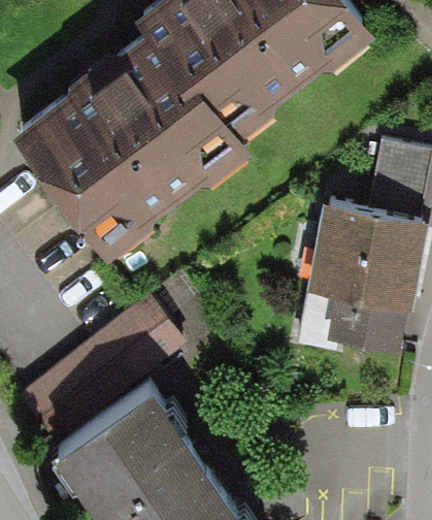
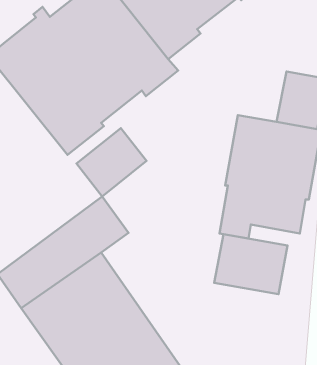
building: none -> [77,128,146,196]
building: none -> [214,234,288,294]

